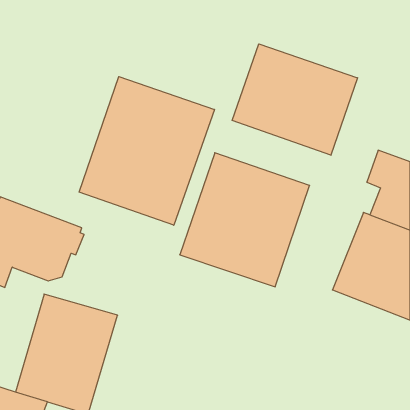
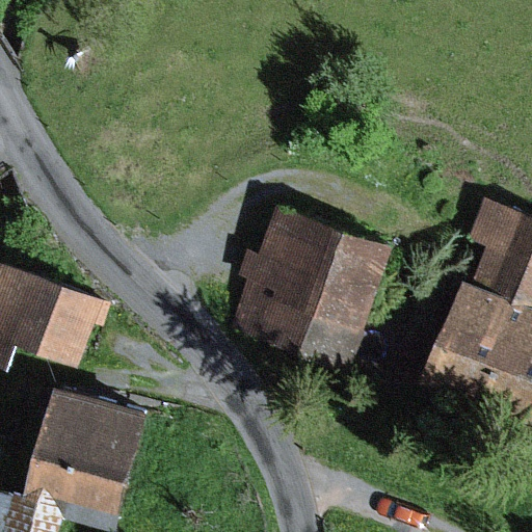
building: [232,44,358,155] -> none
building: [79,77,214,225] -> none

